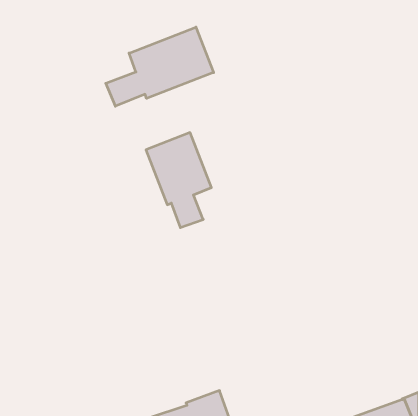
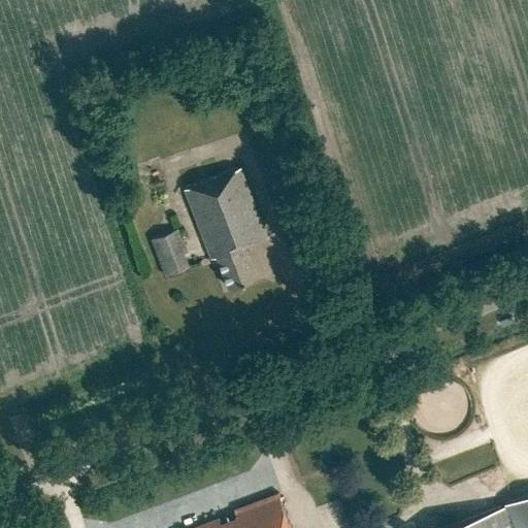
building: [106,27,214,106] -> none
building: none -> [152,231,188,278]

